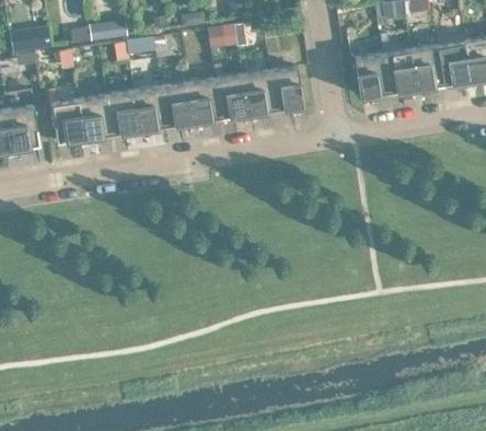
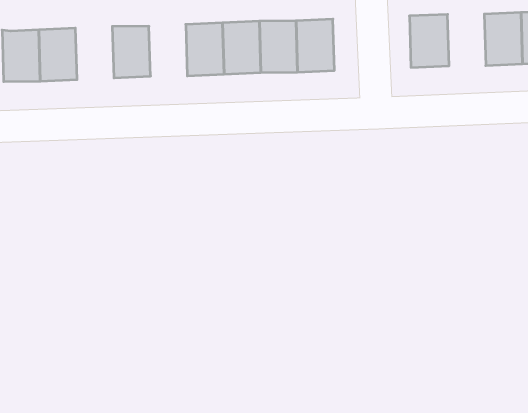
building: [384,54,417,95] -> none
building: [162,86,195,128] -> none
building: [107,94,140,137] -> none

